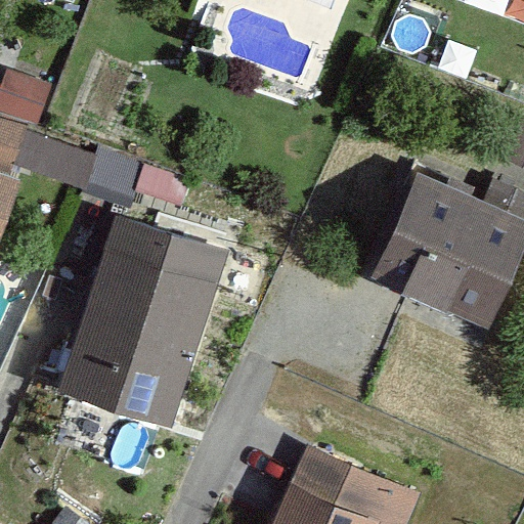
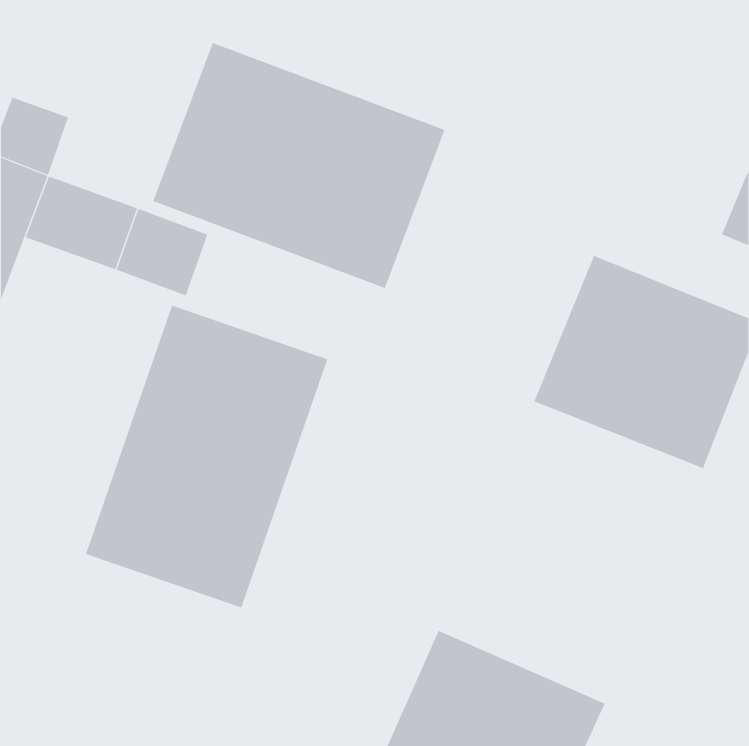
building: none -> [152,42,445,289]

